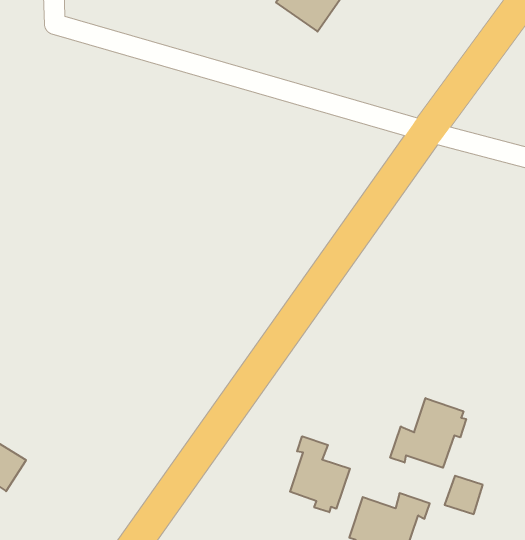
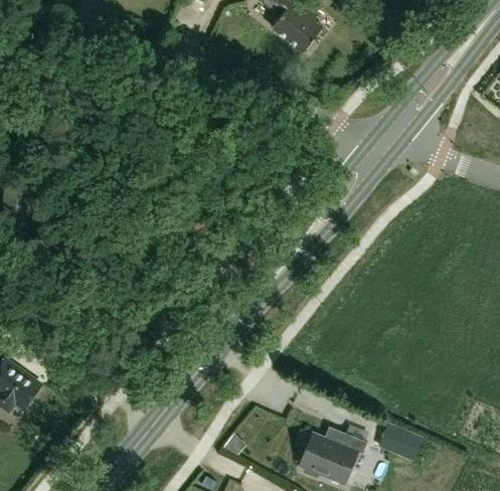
building: [390,398,466,468] -> none
building: [290,436,350,512] -> none

